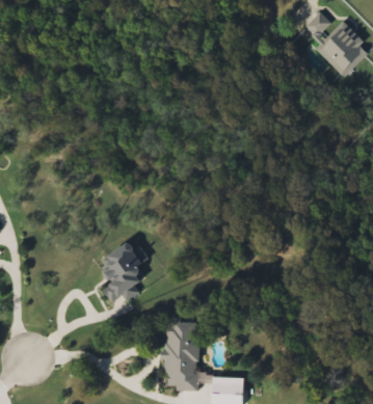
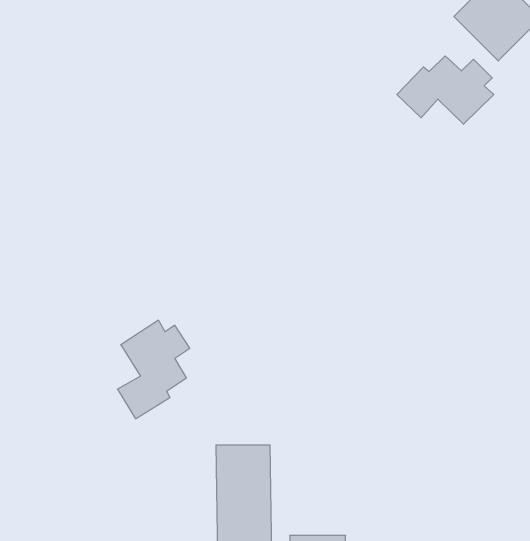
building: none -> [397,56,494,124]

